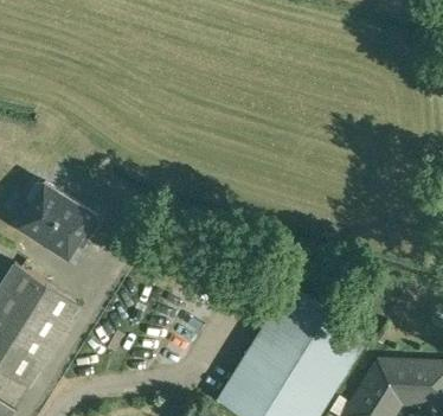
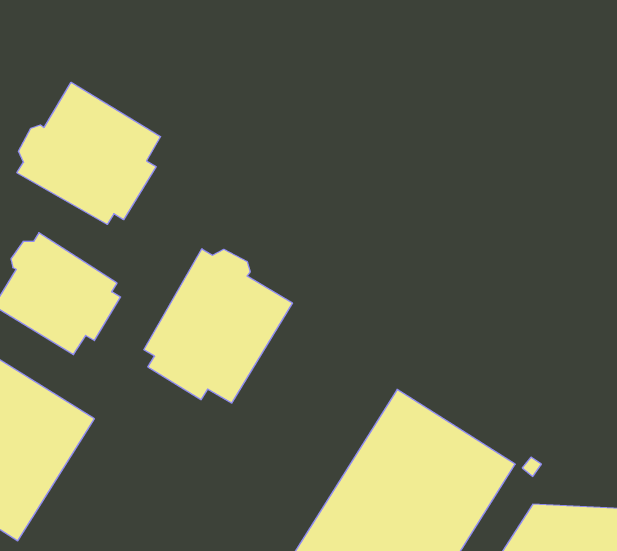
building: none -> [17,82,161,224]
building: none -> [144,249,292,403]

